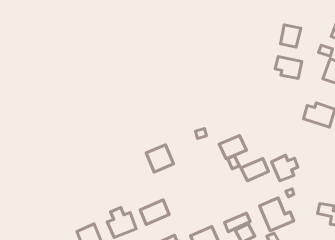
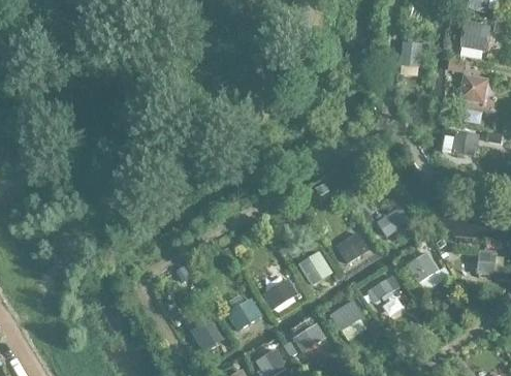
building: [275,57,302,79] -> none
building: [219,135,246,159] -> [337,228,371,259]
building: [146,145,173,172] -> [297,251,332,286]
building: [271,155,298,181] -> none

